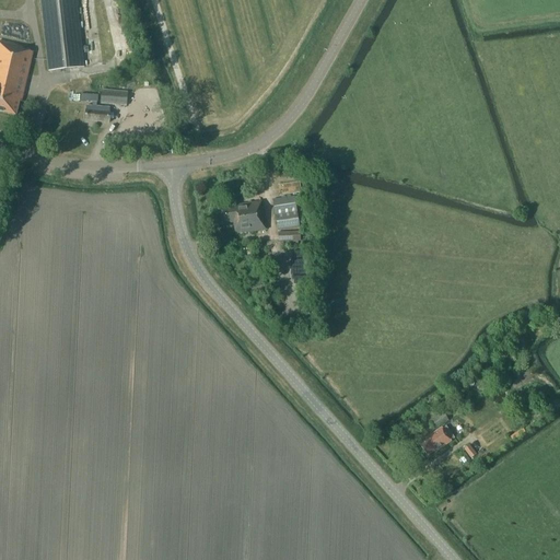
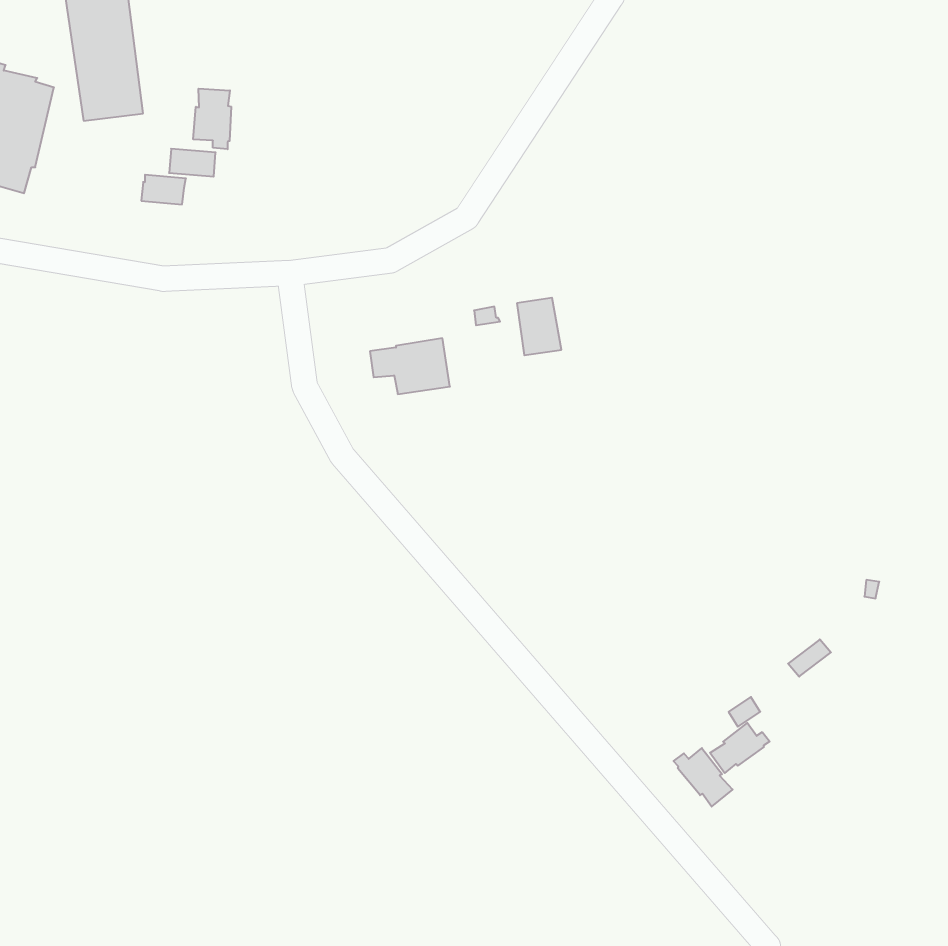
building: none -> [193,89,231,149]
building: [272,196,299,230] -> [517,298,561,355]
building: none -> [674,748,733,807]

